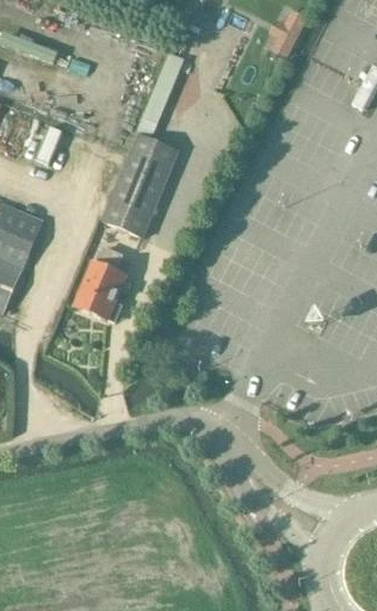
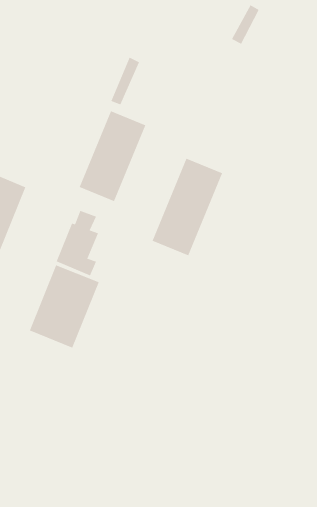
building: none -> [152,158,223,256]
building: none -> [29,264,99,348]

